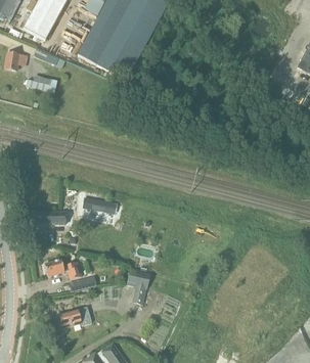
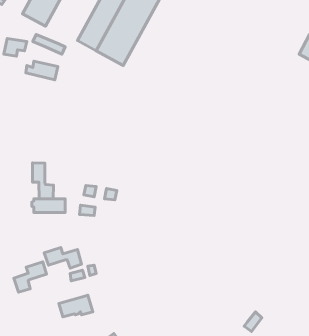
building: none -> [33,163,54,199]
building: [128,269,150,302] -> none
building: none -> [14,262,46,292]

